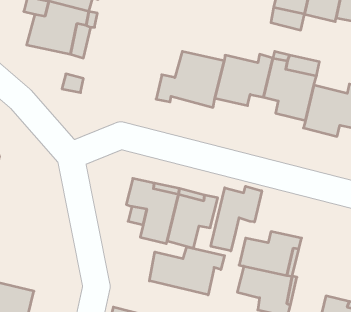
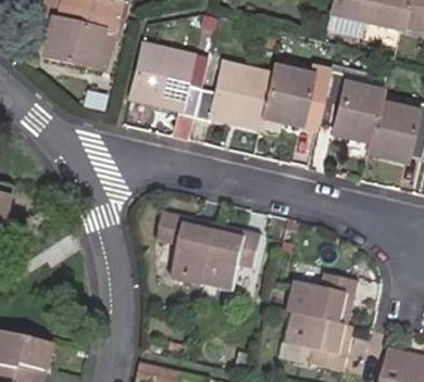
building: none -> [128,44,199,118]
building: [211,186,262,251] -> none
building: [149,247,225,295] -> none

